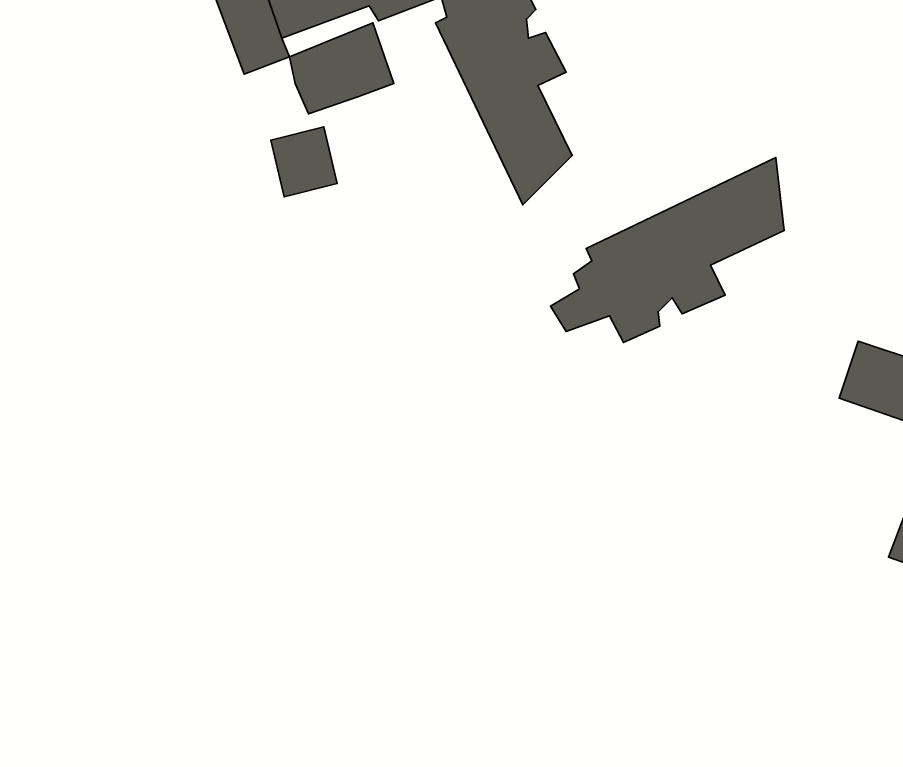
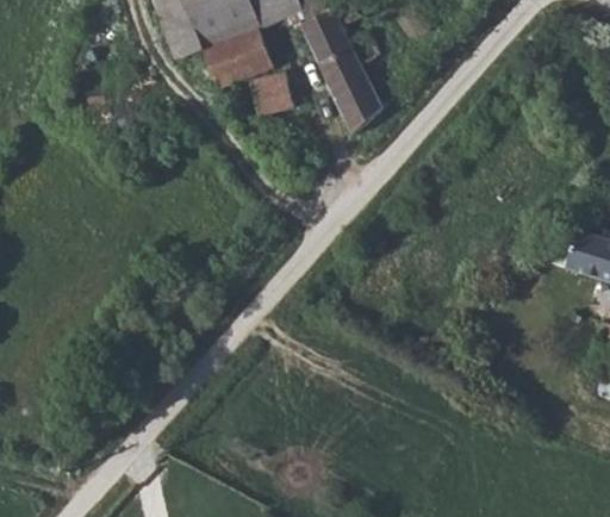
building: [271,127,337,197] -> [251,74,293,118]
building: [551,158,784,343] -> none

